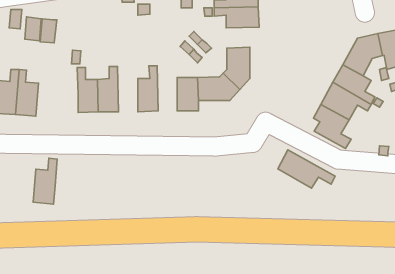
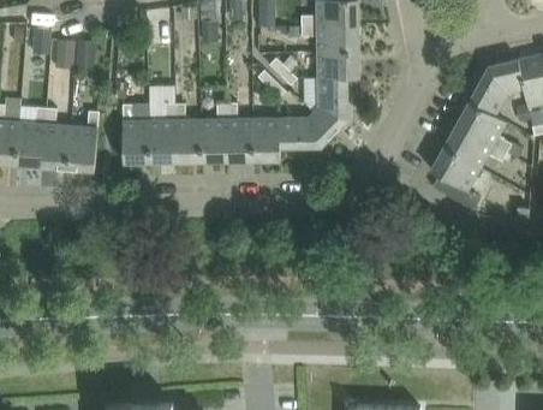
building: none -> [316,50,359,78]
building: none -> [226,101,252,160]
building: none -> [174,102,201,161]
building: [278,150,335,188] -> none
building: [33,158,57,204] -> [67,109,99,170]

